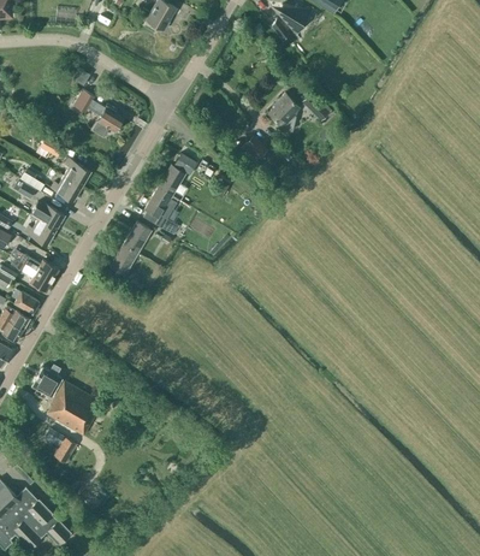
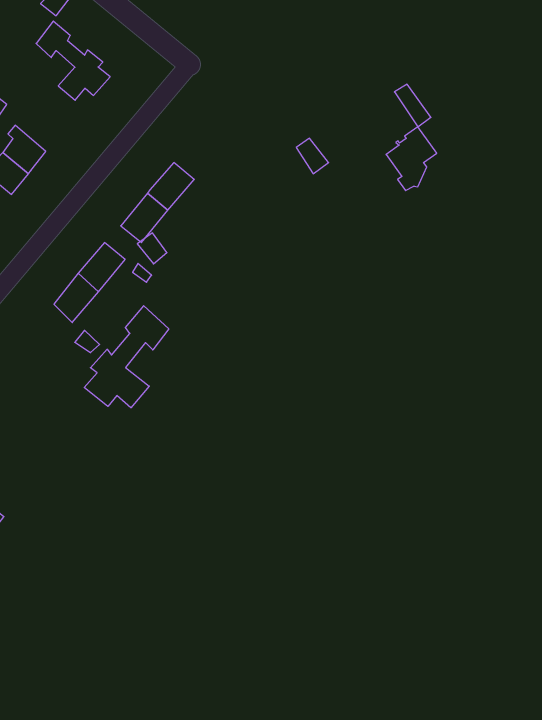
building: [268,93,300,134] -> [386,127,437,191]
building: none -> [84,306,169,408]

